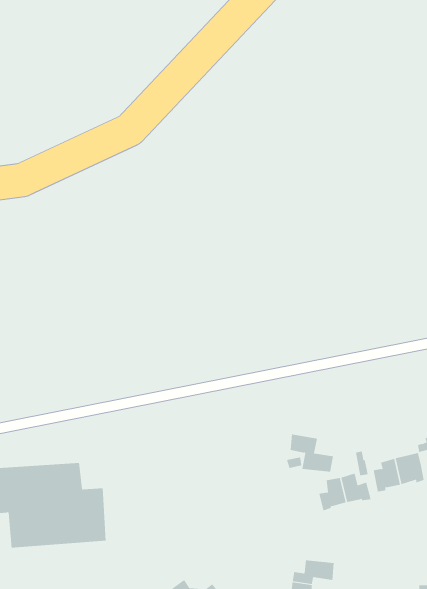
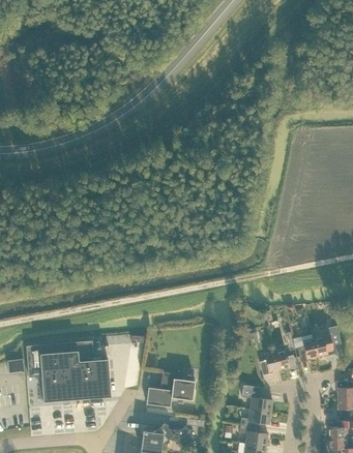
building: [290,434,334,472] -> [241,385,272,412]
building: none -> [146,371,195,406]

